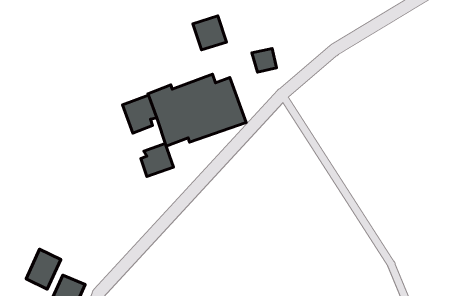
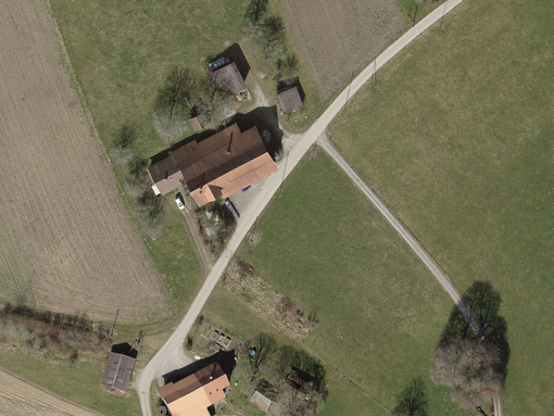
building: [141,143,173,177] -> none
building: [26,249,61,289] -> none

